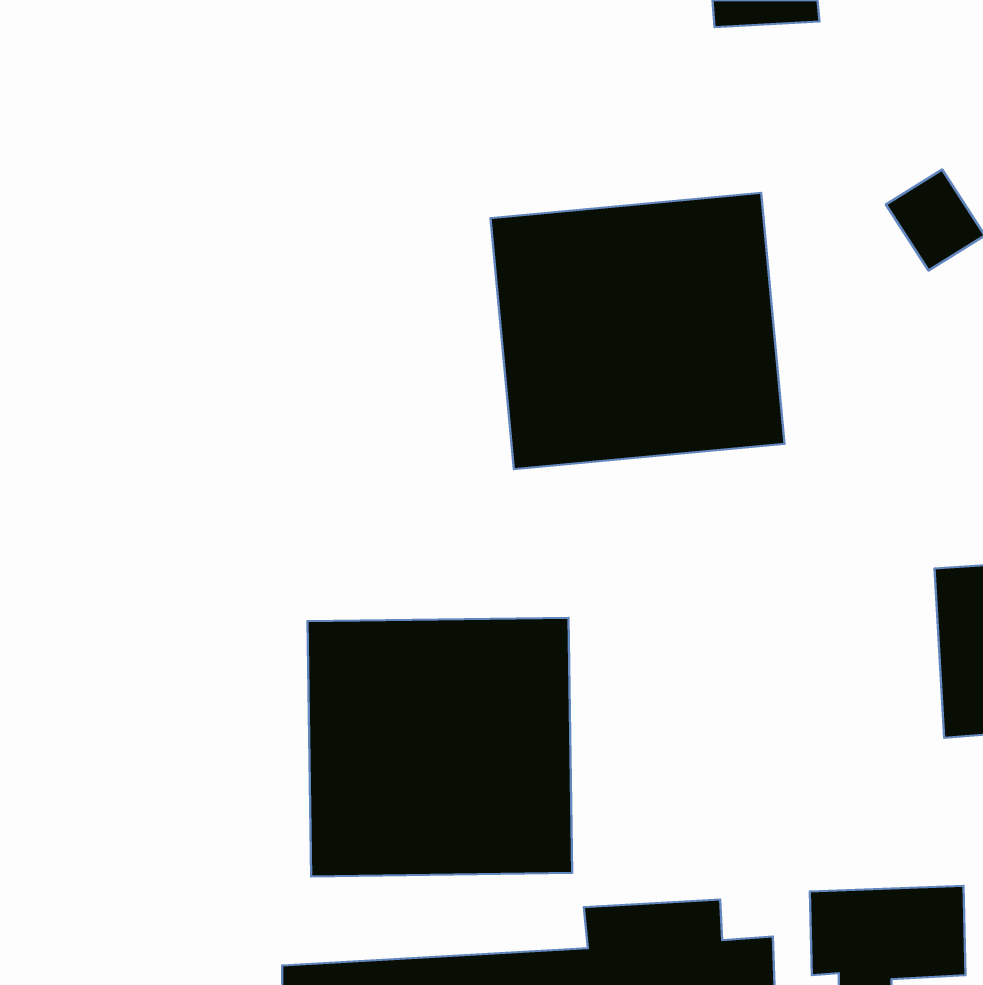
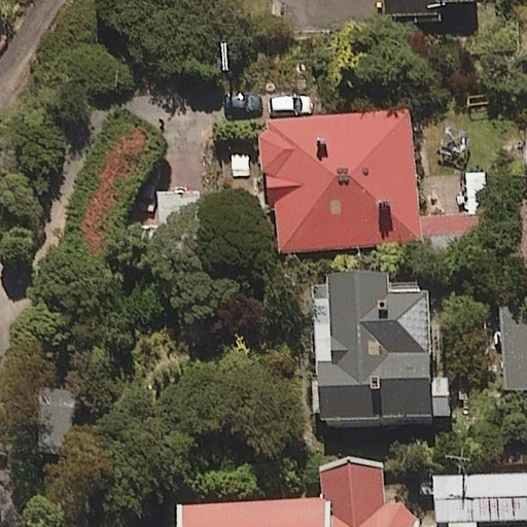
building: none -> [312,268,449,418]
building: [307,618,572,876] -> none

